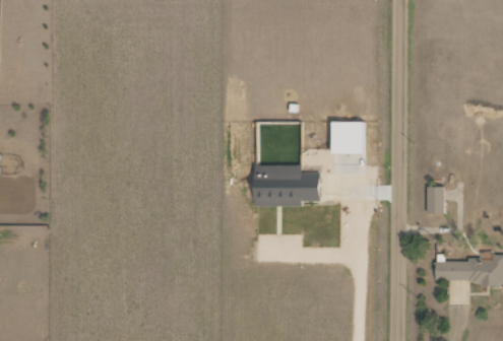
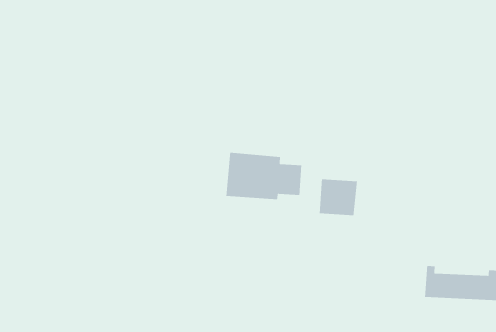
building: [331,121,364,152] -> [319,178,358,216]
building: [427,186,444,213] -> none

